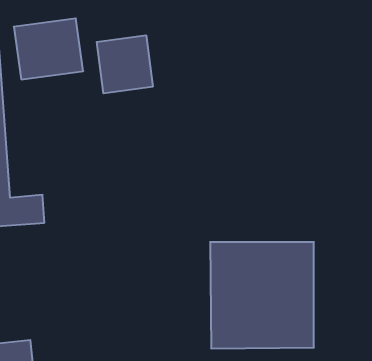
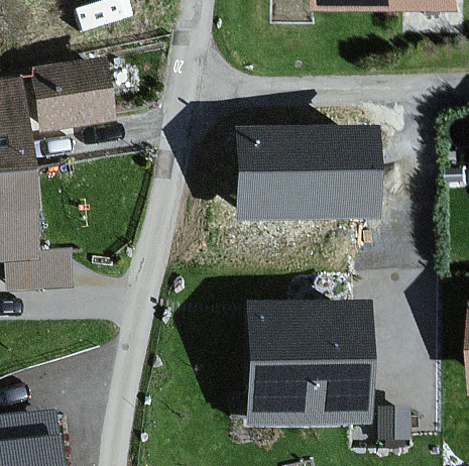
building: [97,35,153,93] -> none
building: none -> [236,132,369,217]

